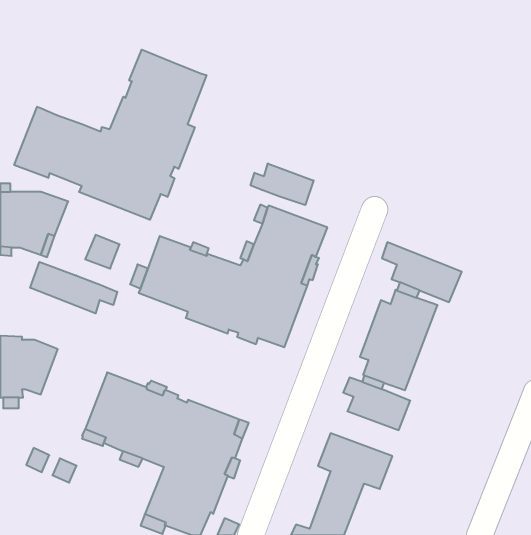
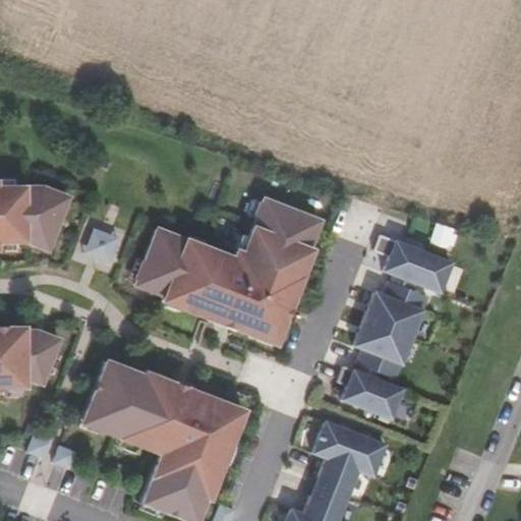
building: [14,50,206,220] -> none
building: [251,163,314,205] -> none
building: [30,262,117,313] -> none

